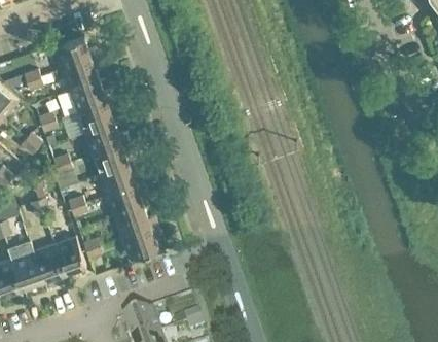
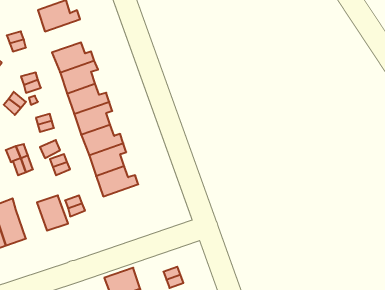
building: [63,56,102,90] -> none
building: [122,225,161,259] -> none
building: [33,243,65,280] -> none

